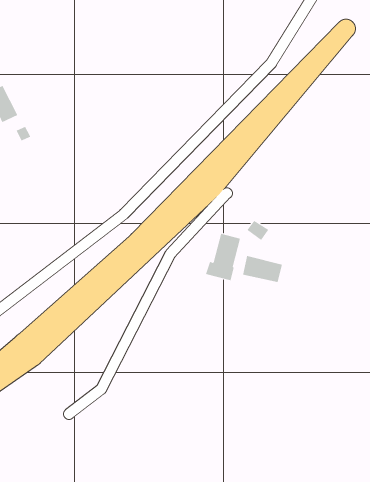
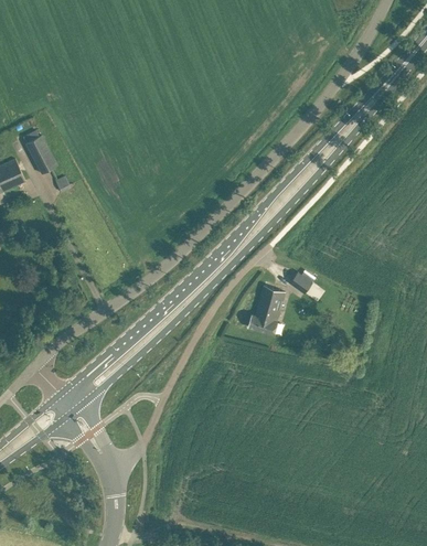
building: [242,255,283,283] -> none

